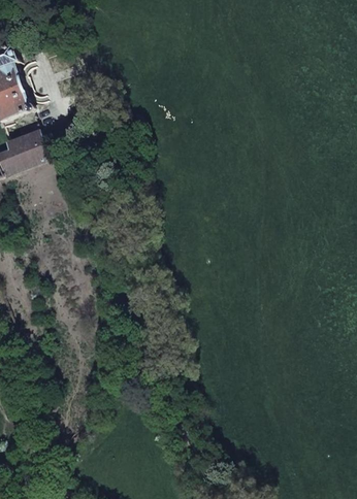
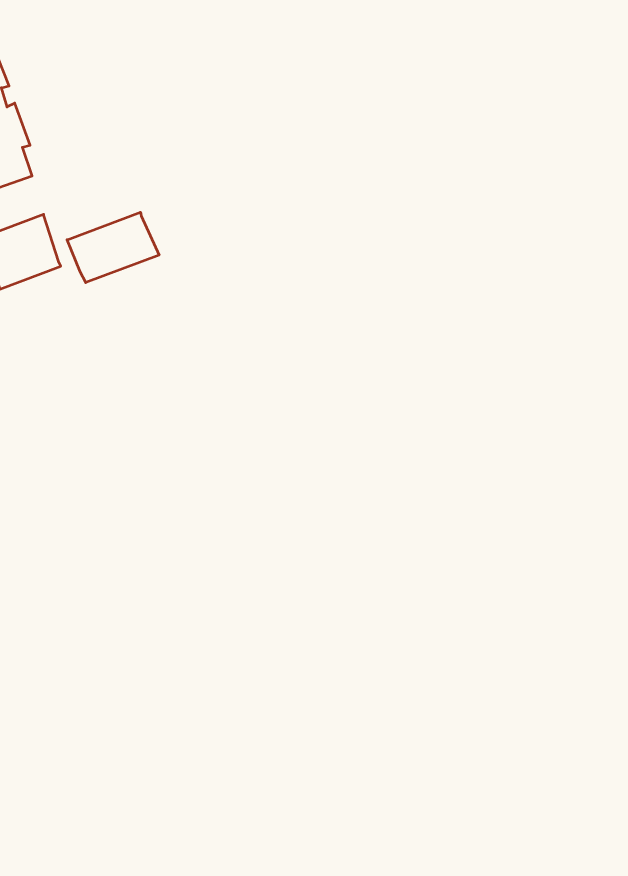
building: none -> [67,212,159,283]

